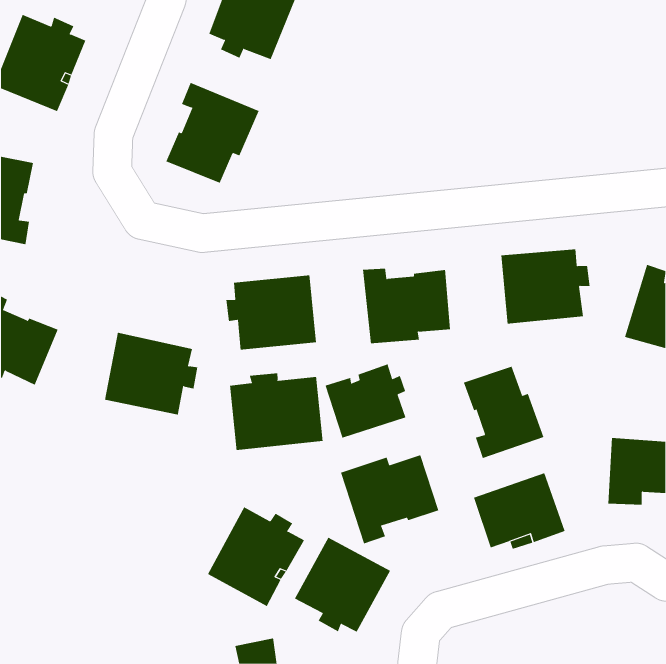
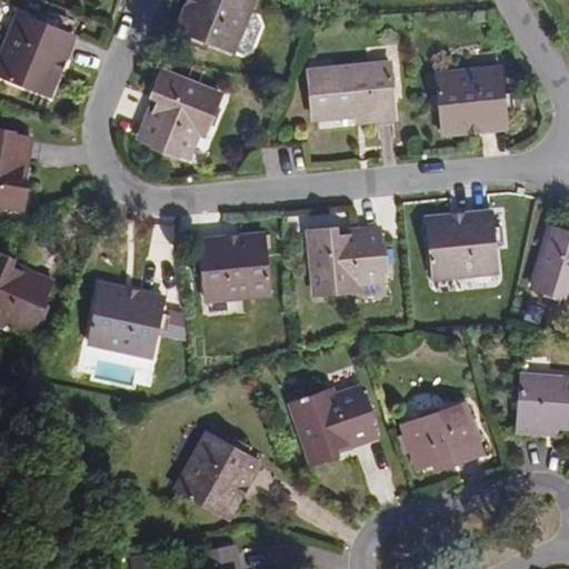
building: none -> [308,62,396,121]
building: none -> [436,68,513,133]
building: [325,363,406,439] -> none
building: [463,366,544,459] -> none
building: [230,372,323,451] -> none
building: [294,537,391,632] -> none

